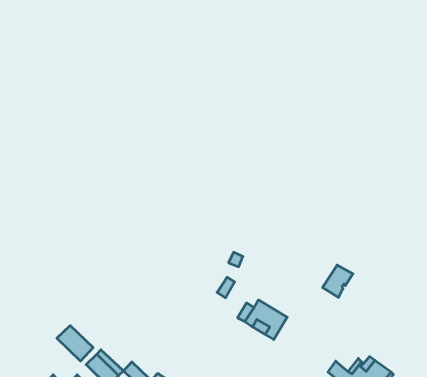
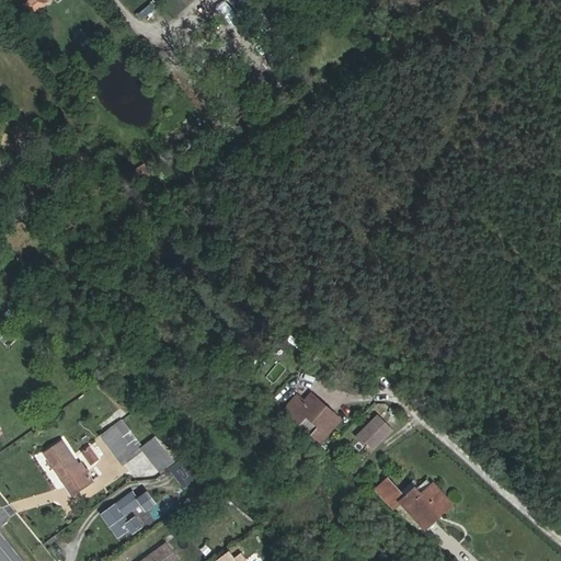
building: [323,265,353,297] -> [352,420,389,457]
building: [57,326,93,361] -> none

